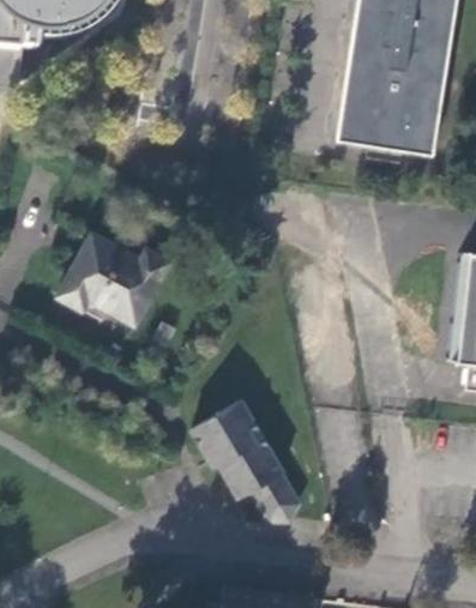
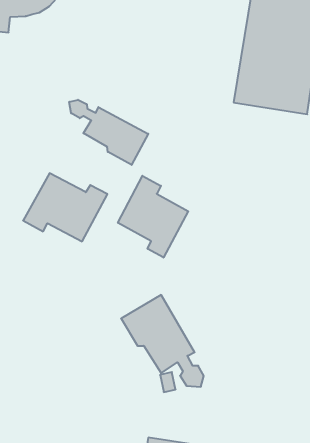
building: none -> [69,100,148,165]
building: none -> [118,176,188,258]

